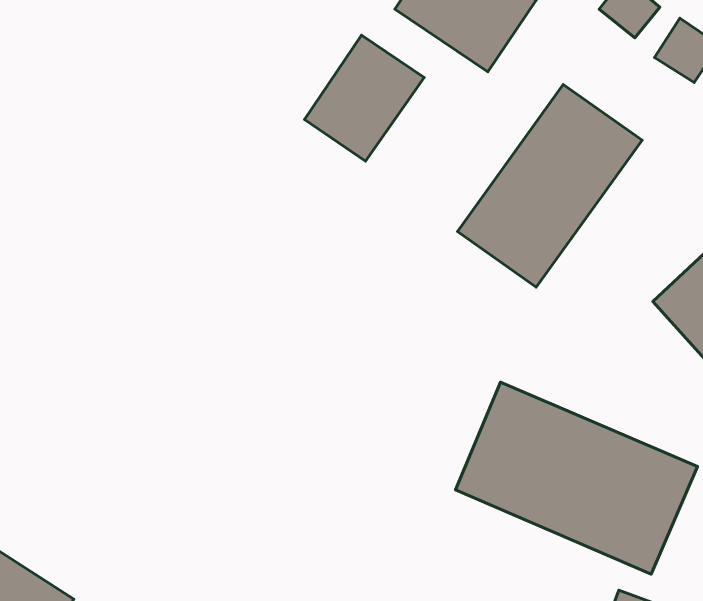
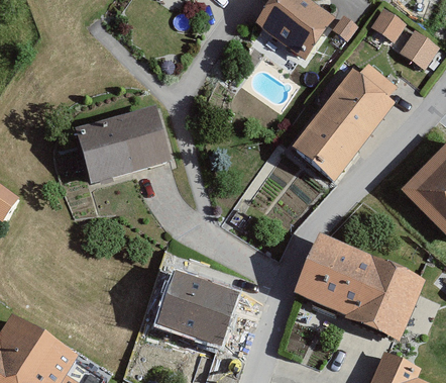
building: [305,35,424,161] -> none
building: none -> [71,107,168,183]
building: none -> [151,265,240,346]

